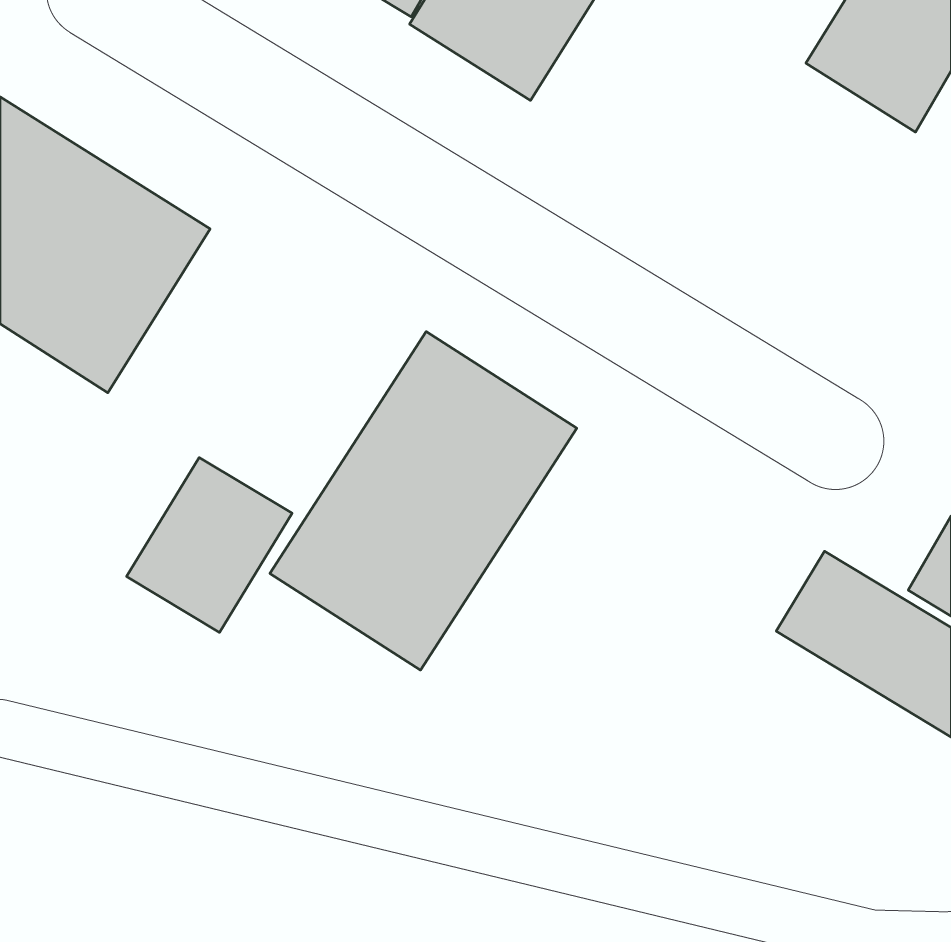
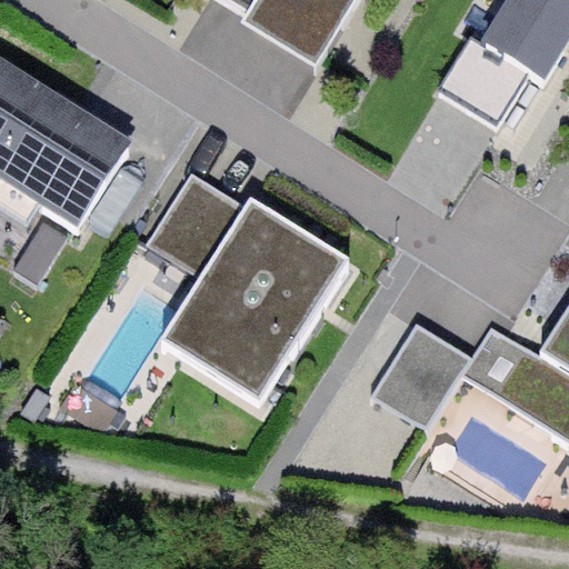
building: none -> [442,40,530,124]
building: [127,457,292,632] -> [148,171,247,276]
building: none -> [373,323,471,429]

